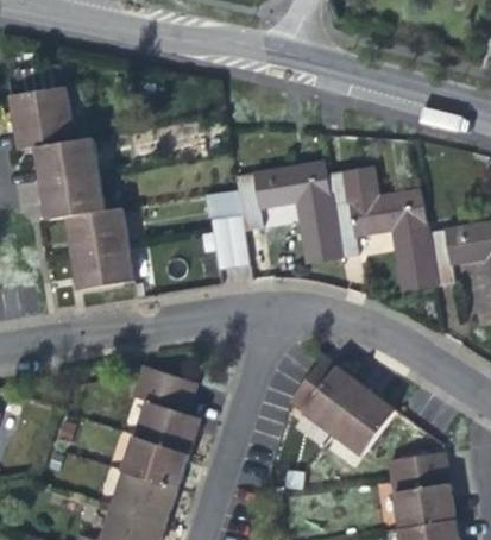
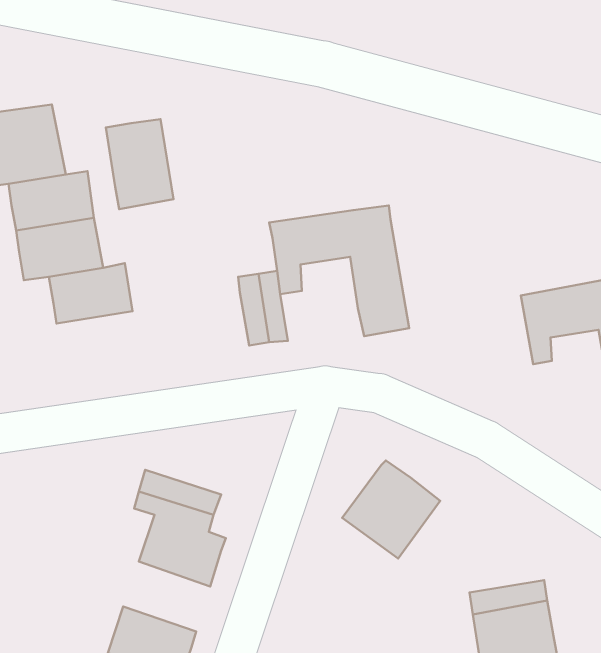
building: none -> [106,119,173,209]
building: [326,165,435,291] -> none
building: [70,244,134,289] -> none
building: [332,389,394,453] -> none
building: [121,435,188,489] -> none

